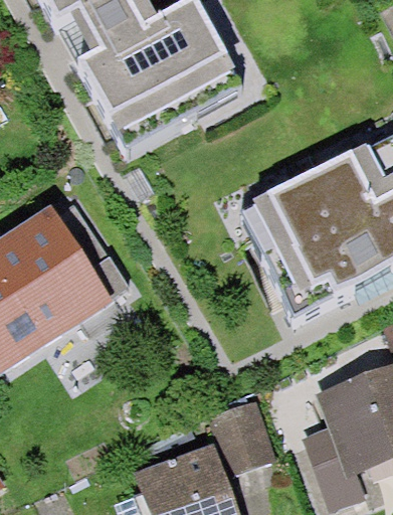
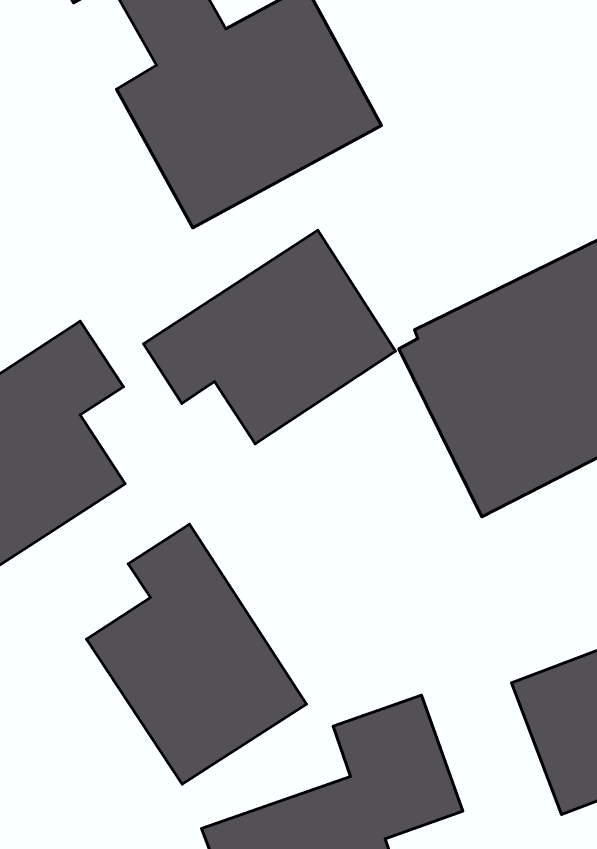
building: none -> [143,230,396,444]
building: none -> [86,524,307,784]

